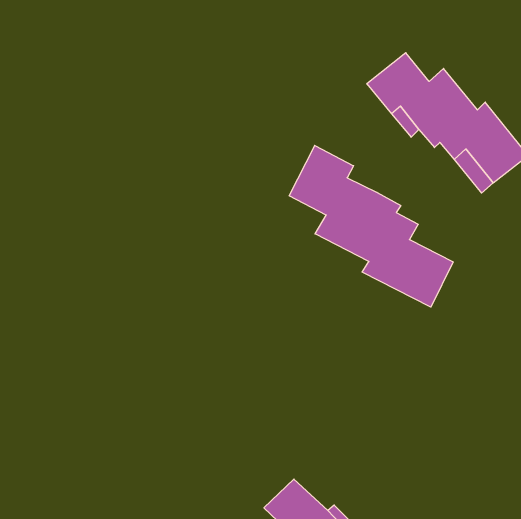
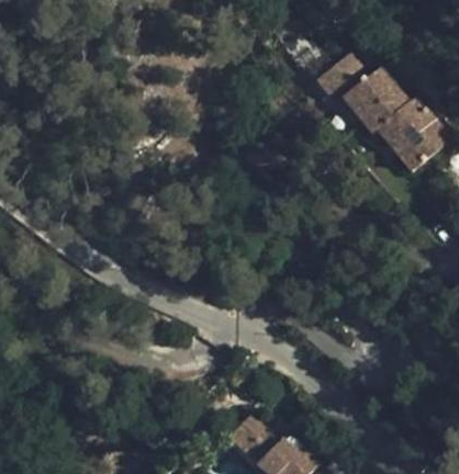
building: [289,145,453,307] -> none

